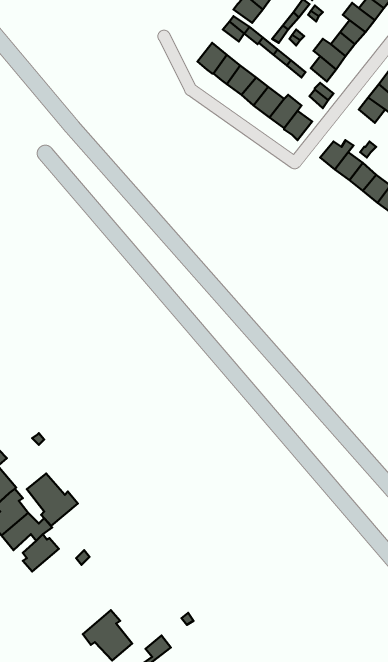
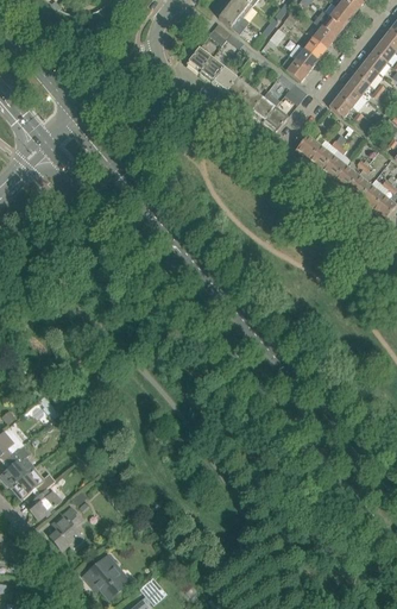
building: [27,473,78,526] -> none
building: none -> [50,507,83,548]

